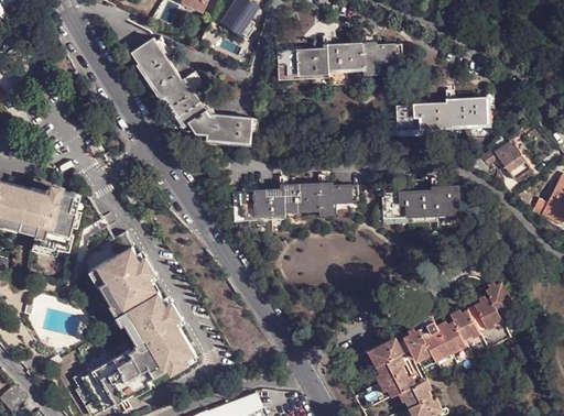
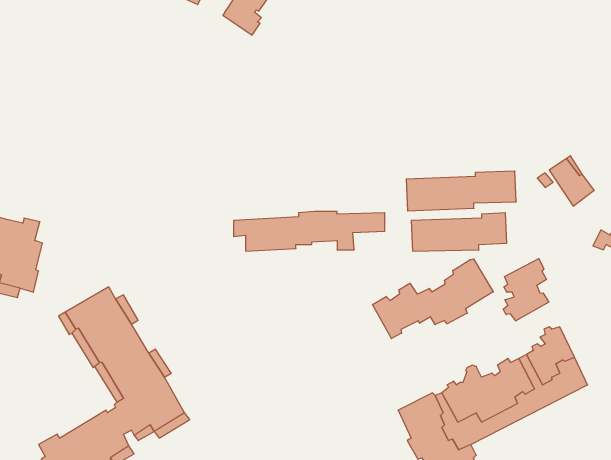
building: [131,39,251,143] -> none
building: [275,43,401,77] -> none
building: [394,98,486,131] -> [406,171,516,211]
building: none -> [503,259,549,321]
building: none -> [373,259,493,339]

